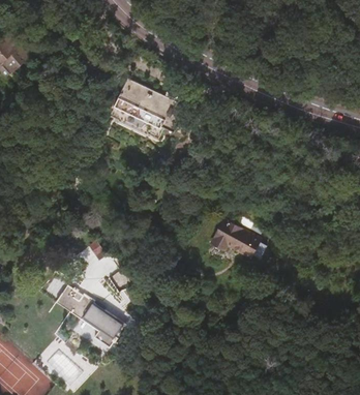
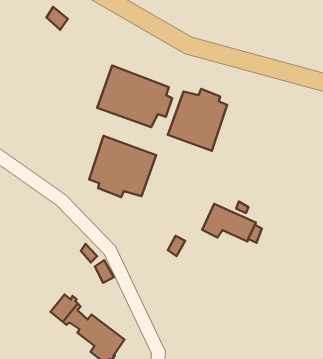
building: none -> [168,89,227,151]
building: none -> [89,136,156,197]

